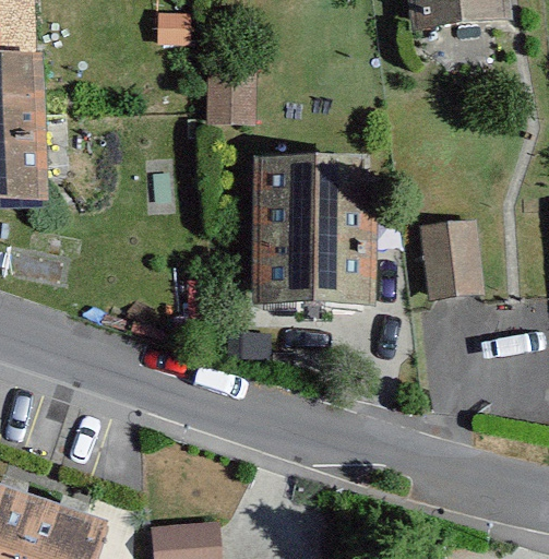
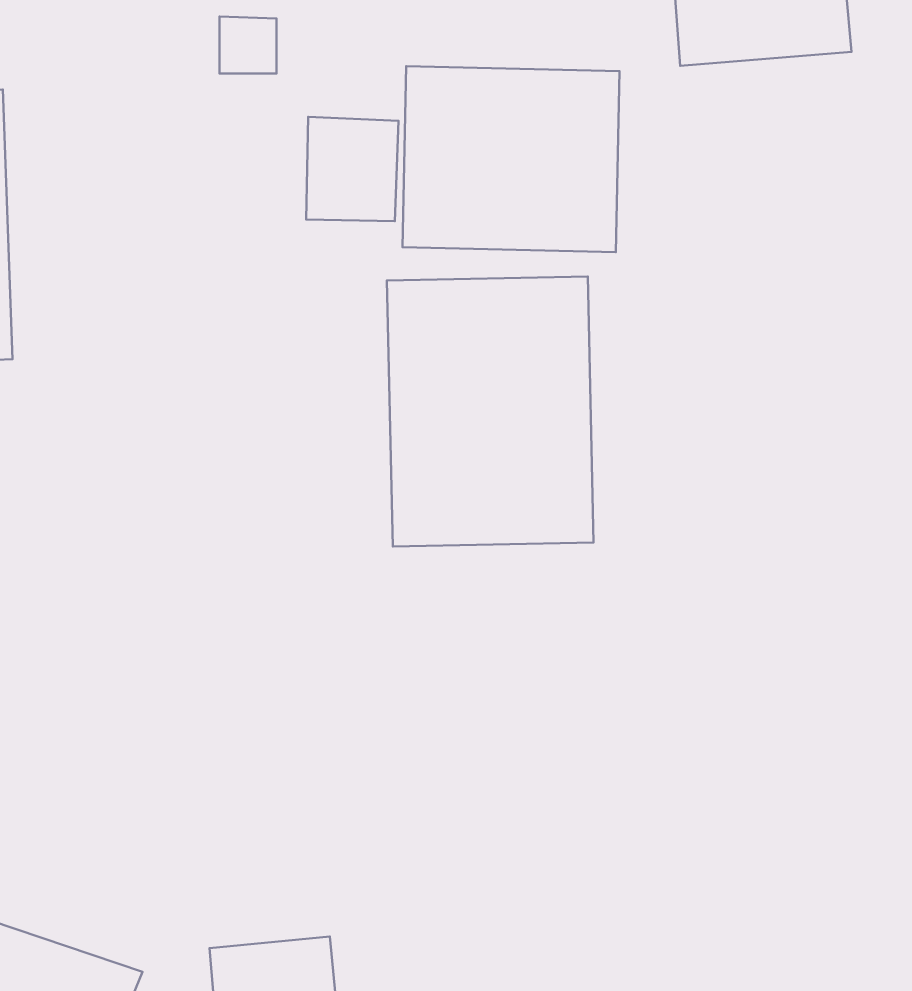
building: none -> [403,66,620,252]
building: [421,218,485,295] -> none

